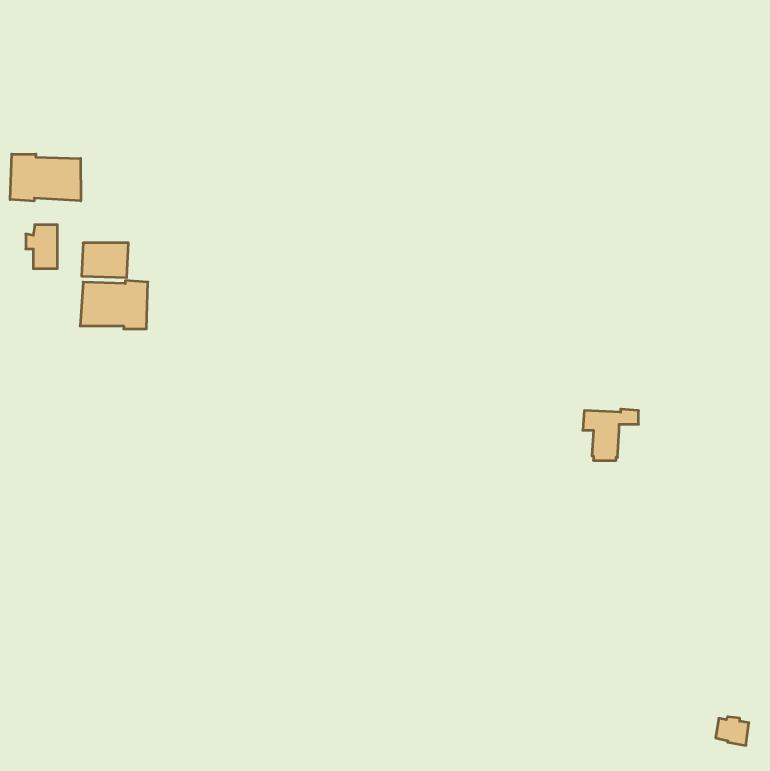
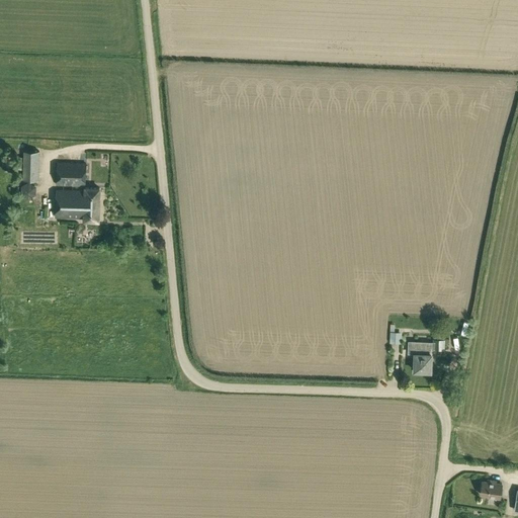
building: [10,154,81,201] -> none
building: [583,409,639,460] -> [407,340,444,374]

